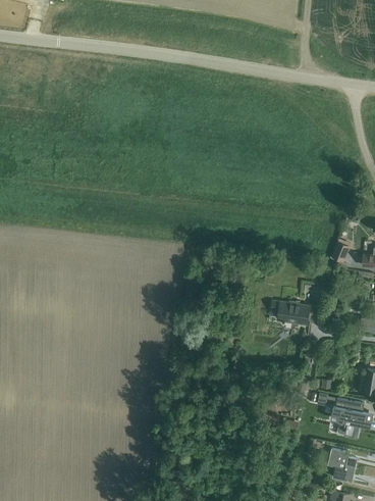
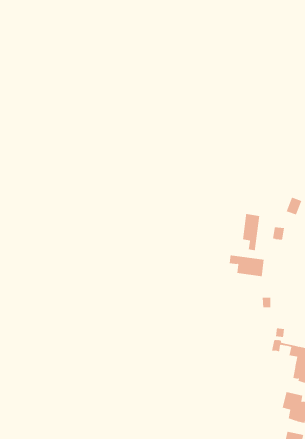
building: none -> [242,213,260,251]

